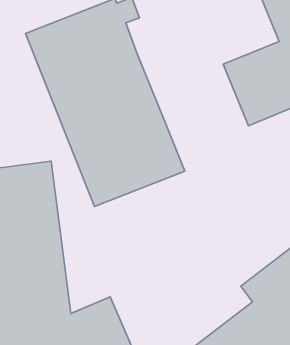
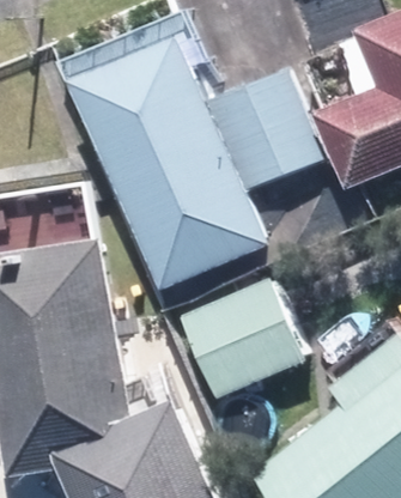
building: none -> [207,69,322,189]
building: none -> [178,278,305,401]

